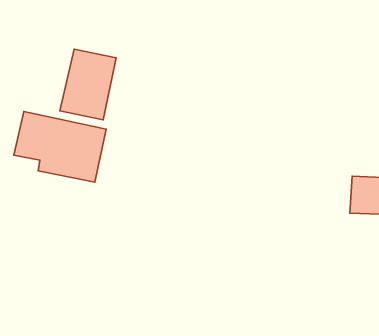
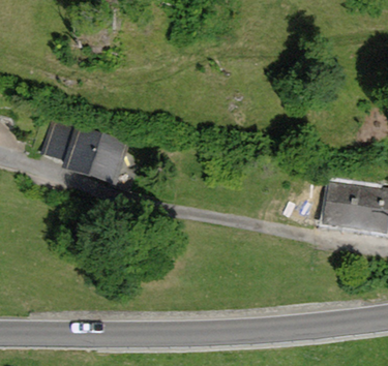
building: [60,49,116,120] -> none

